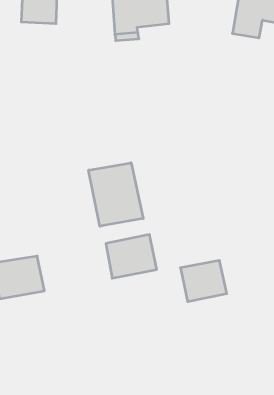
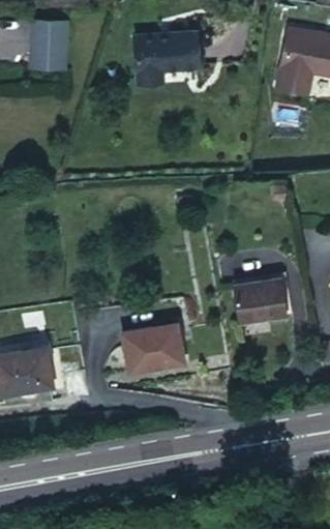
building: [89,163,143,226] -> none
building: [180,261,227,302] -> [236,282,290,329]

